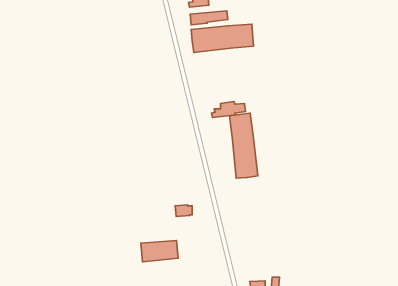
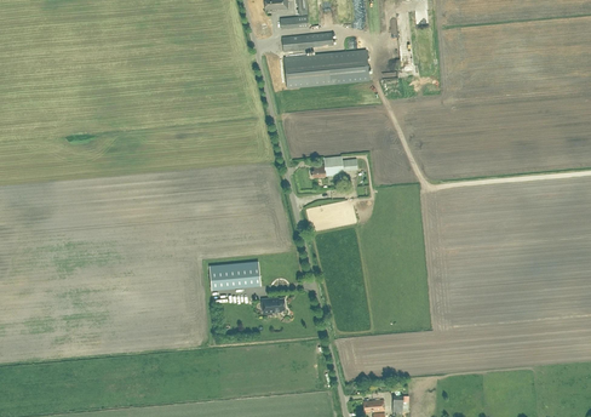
building: [229,113,258,178] -> none
building: [141,240,178,262] -> [210,262,260,291]

